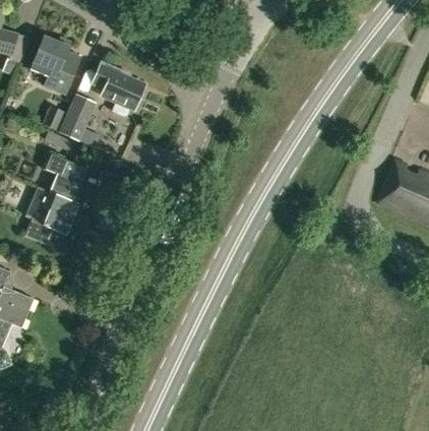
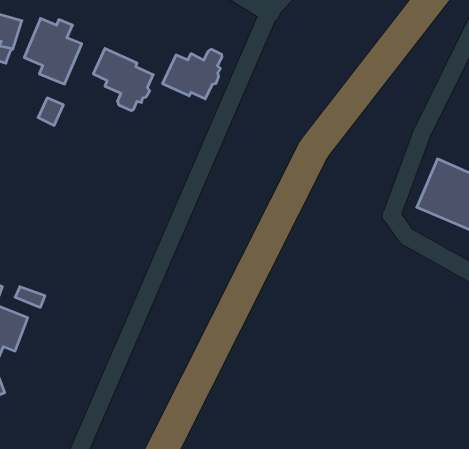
building: none -> [163,49,222,99]
building: [62,90,101,139] -> none
building: [24,155,86,245] -> none

